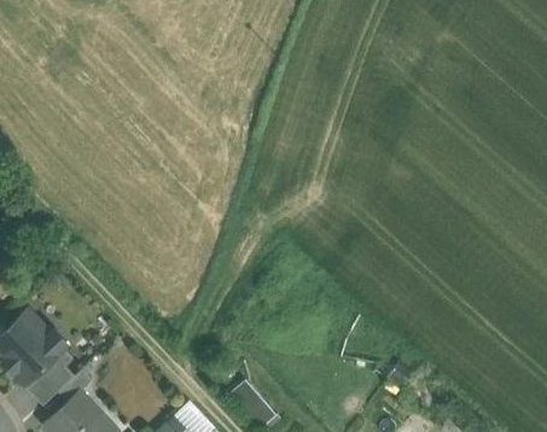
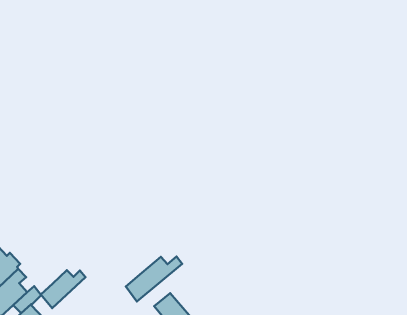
building: none -> [126,256,182,301]
building: none -> [41,270,86,308]

